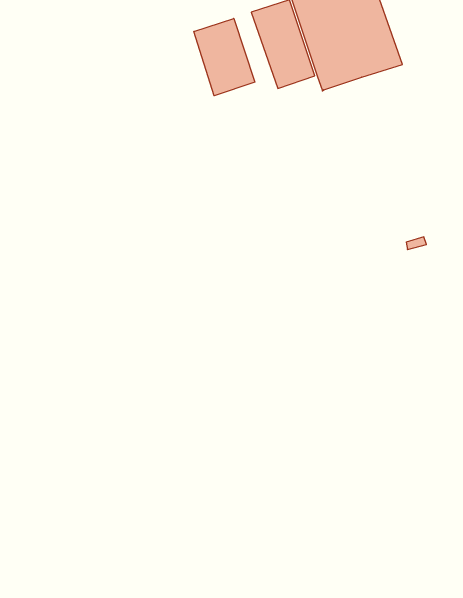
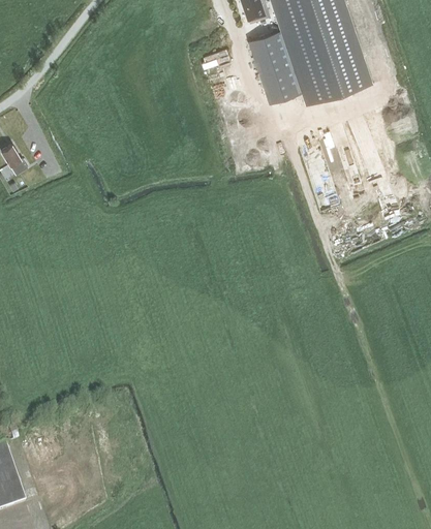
building: [194,18,255,96] -> none

